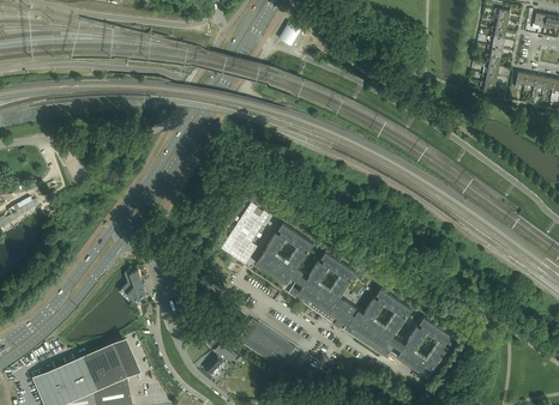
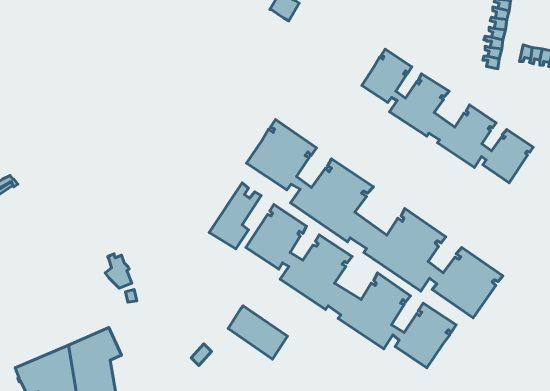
building: none -> [362,49,533,183]
building: none -> [247,120,503,318]

